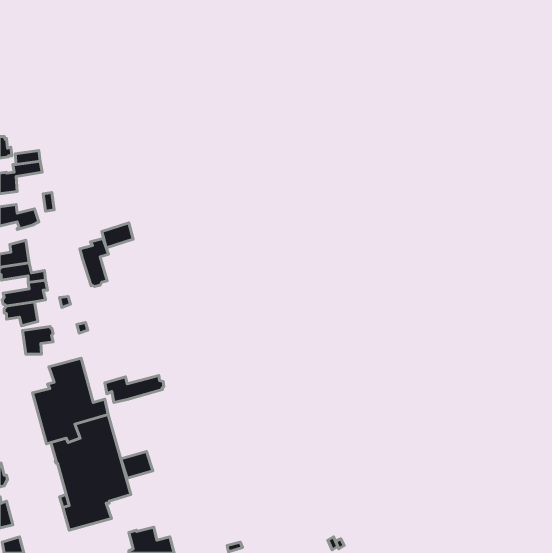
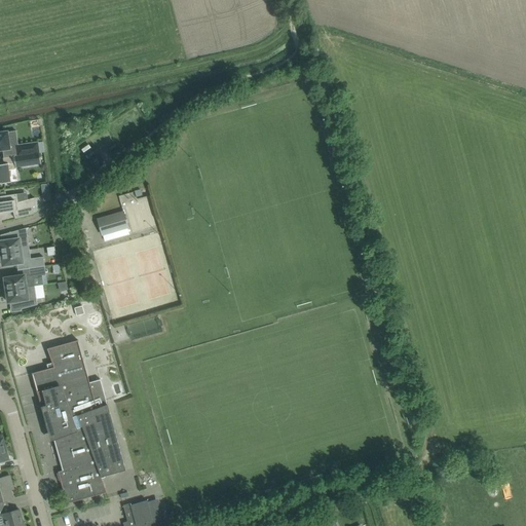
building: [80,239,108,286] -> none
building: [23,326,53,354] -> none
building: [105,376,164,402] -> none
building: [121,451,153,478] -> none

